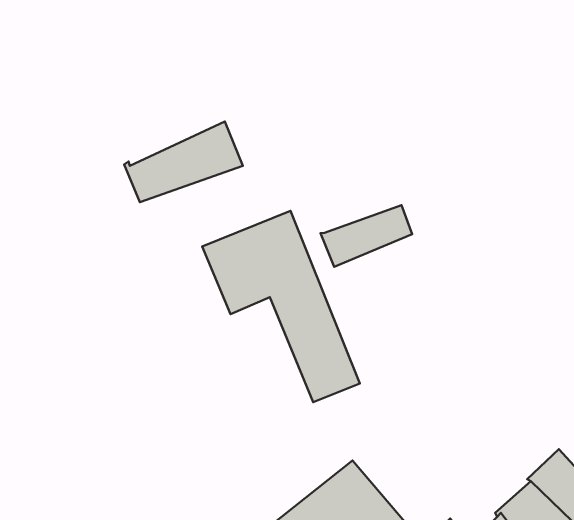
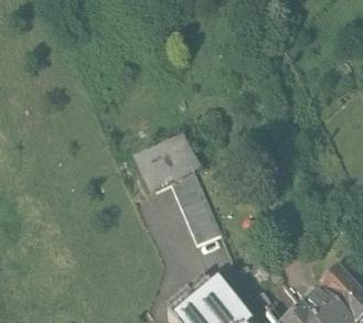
building: [124,121,243,202] -> none
building: [321,205,412,267] -> none

